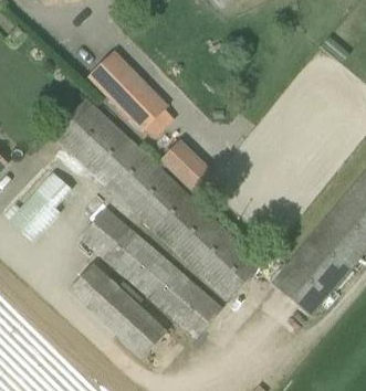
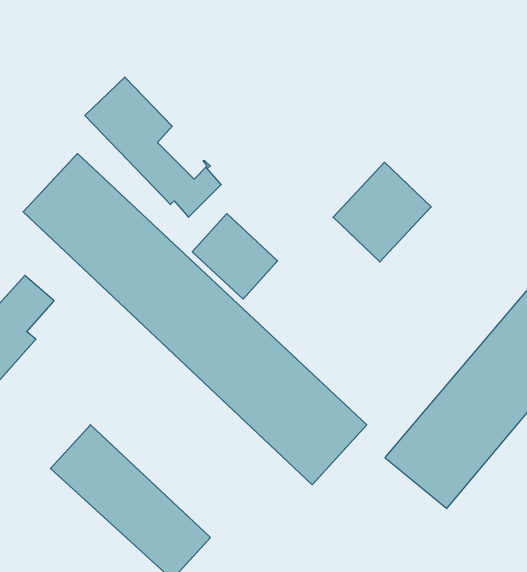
building: none -> [333,162,431,262]
building: [80,208,222,337] -> none

